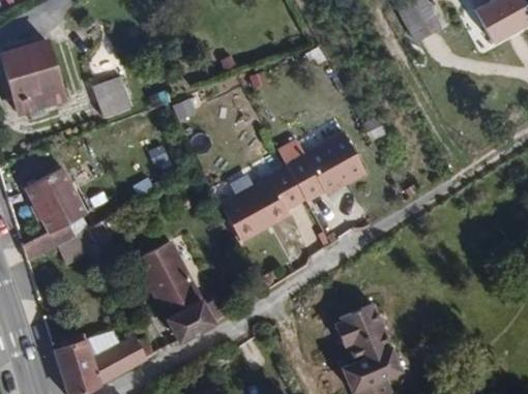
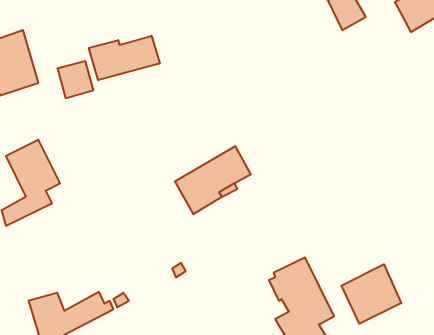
building: none -> [89,36,160,80]
building: [291,138,373,209] -> none
building: [139,245,210,343] -> none
building: none -> [342,264,401,324]

